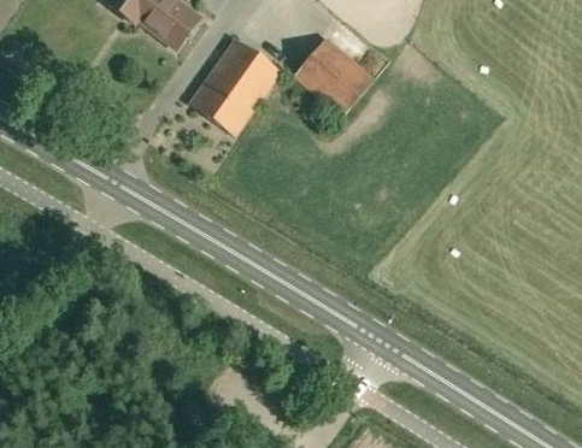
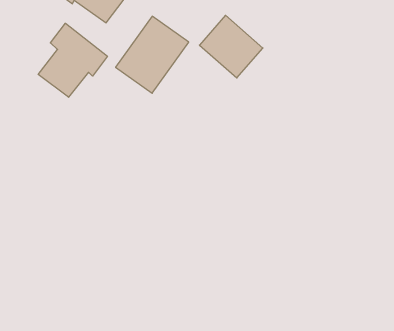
building: none -> [38,23,107,97]

